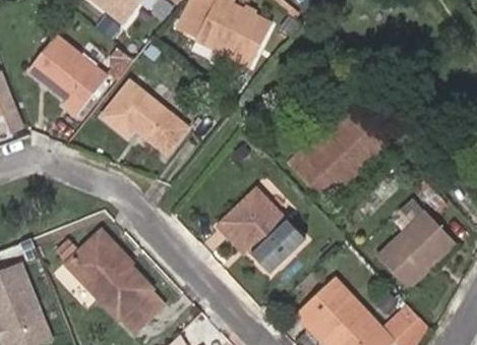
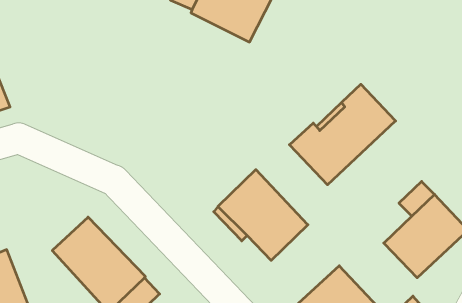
building: [28,34,108,114] -> none
building: [101,79,188,154] -> none

